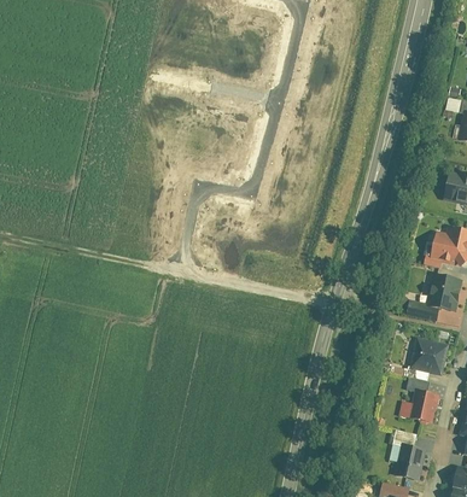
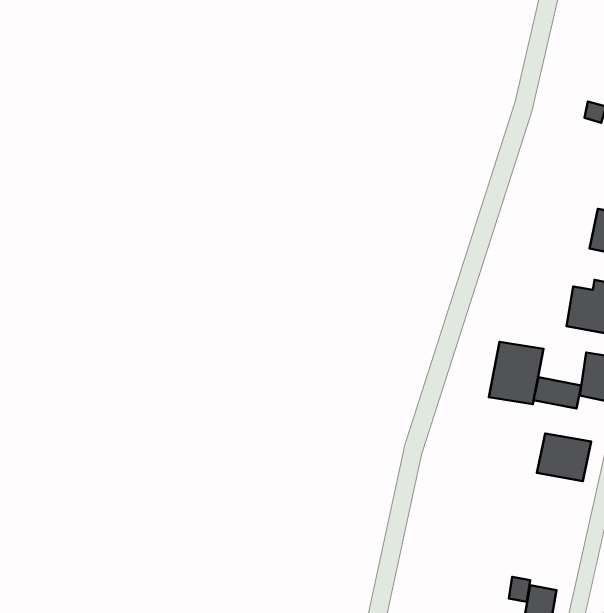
building: none -> [489,342,543,404]
building: [410,391,438,422] -> none

